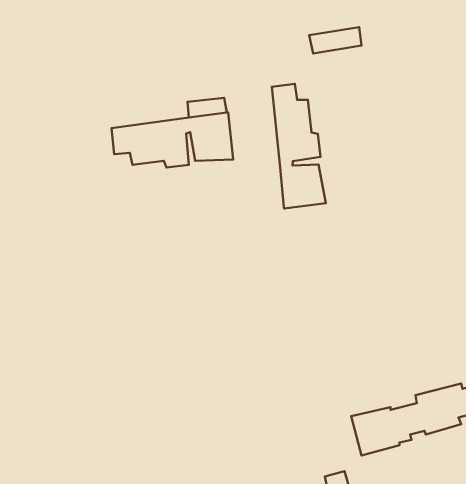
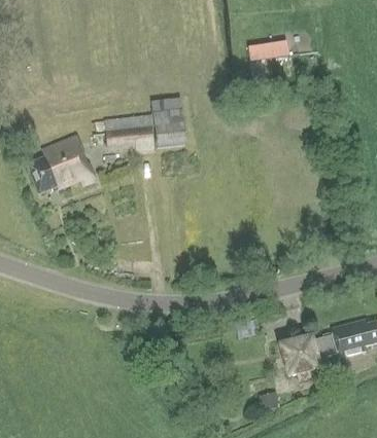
building: [272,84,326,208] -> none
building: none -> [26,137,94,193]

